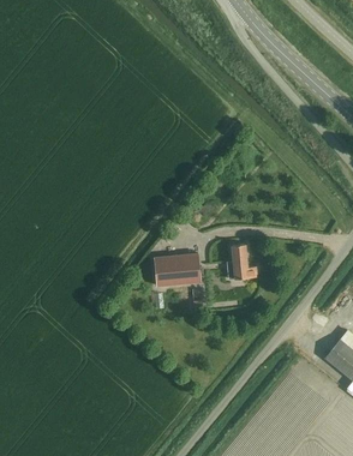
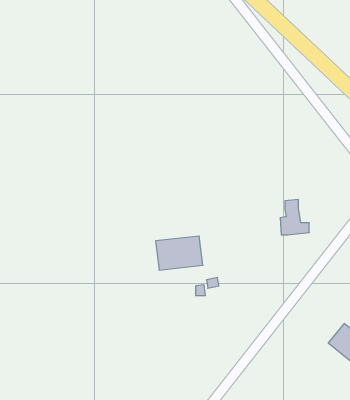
building: [228,244,257,278] -> [280,200,309,235]

